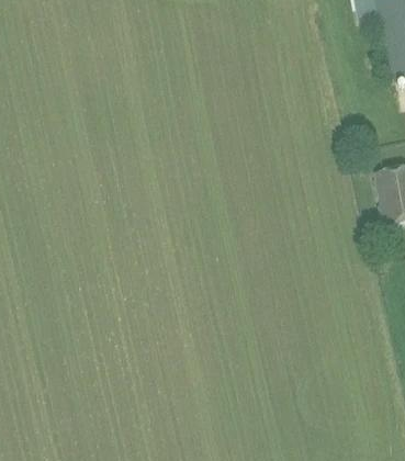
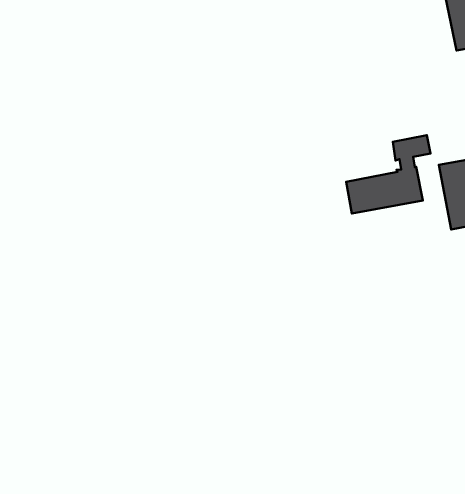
building: none -> [346,135,431,214]

